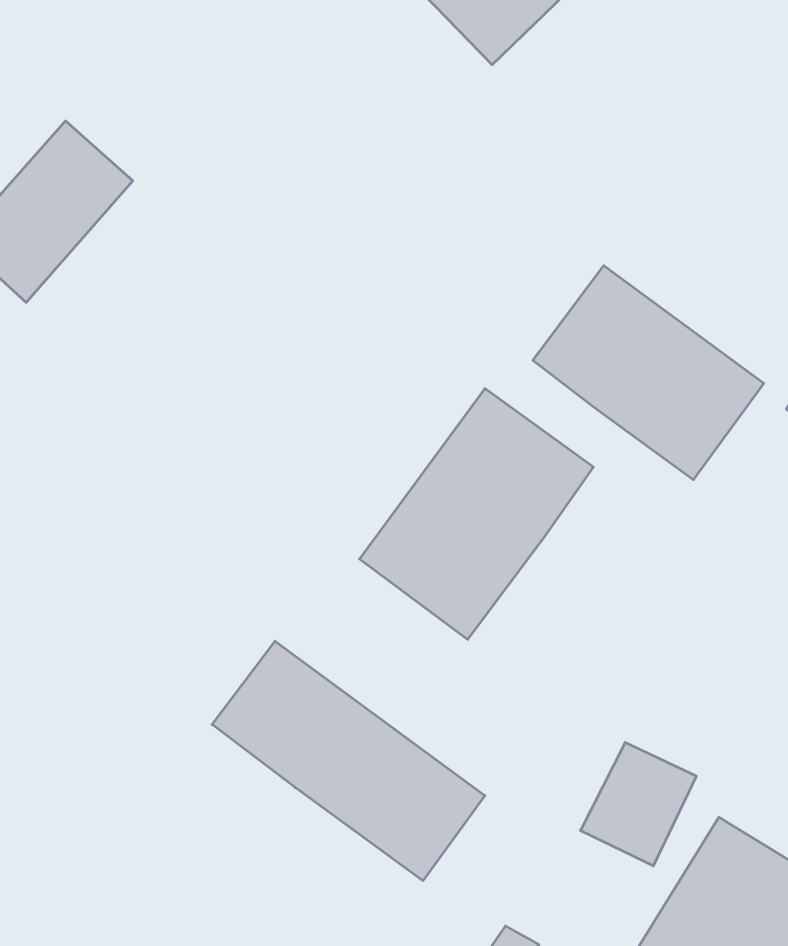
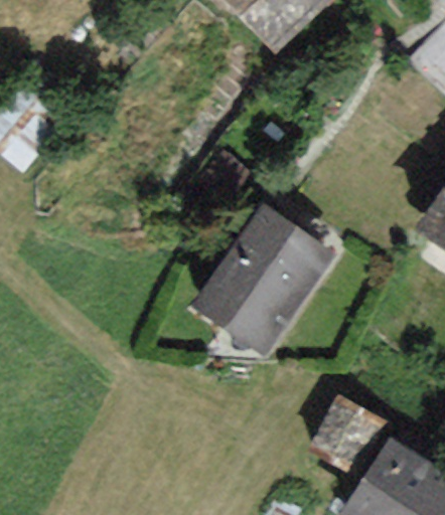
building: [533,266,764,480] -> none
building: [212,641,485,881] -> none

